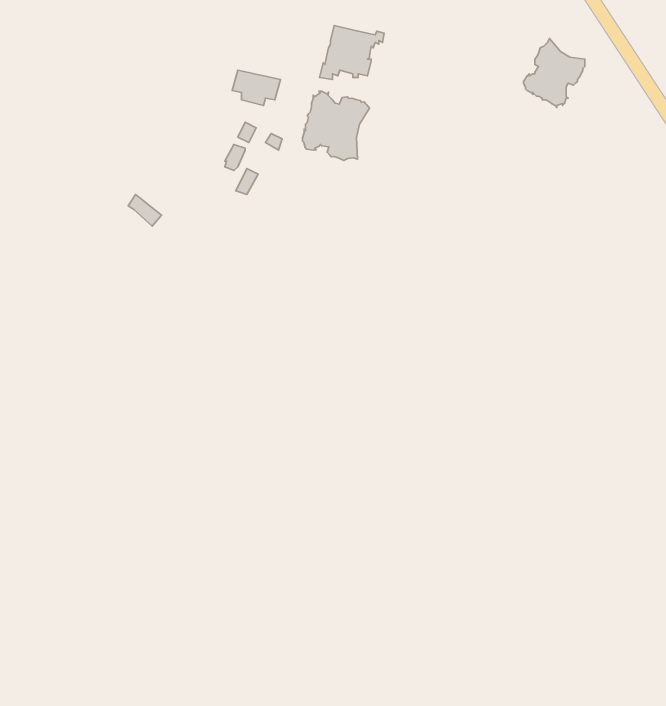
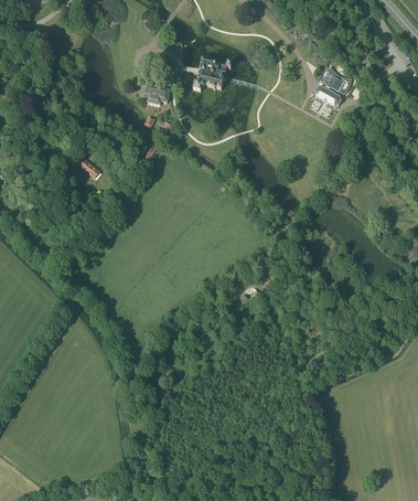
building: [303,91,370,160] -> none

